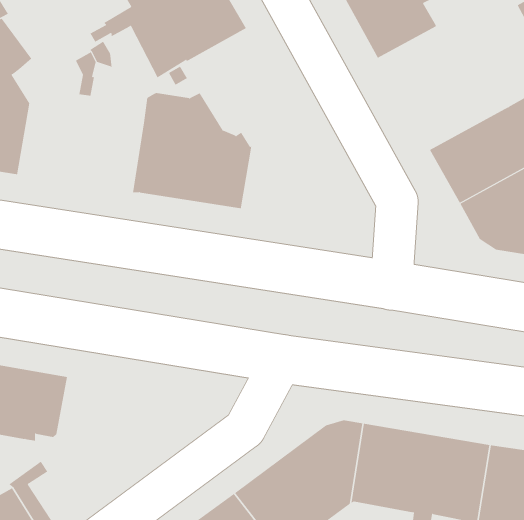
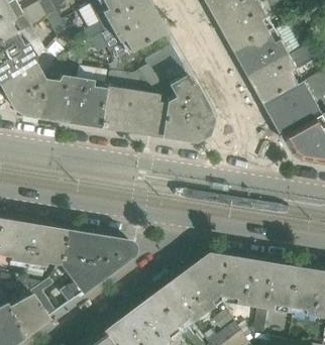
building: none -> [237,23,313,103]
building: none -> [142,44,210,141]
building: none -> [34,76,105,127]
building: none -> [57,231,133,303]

